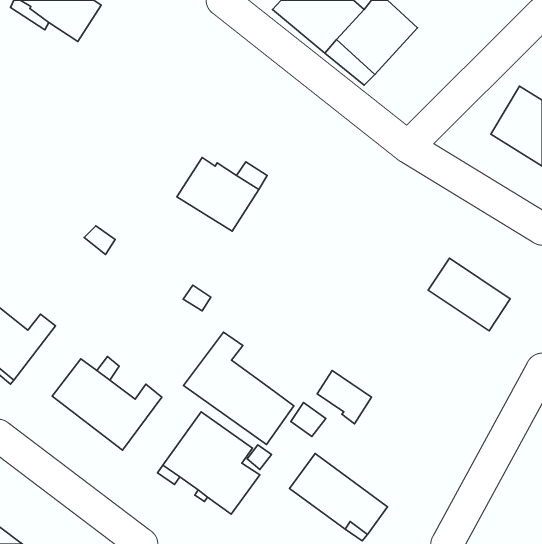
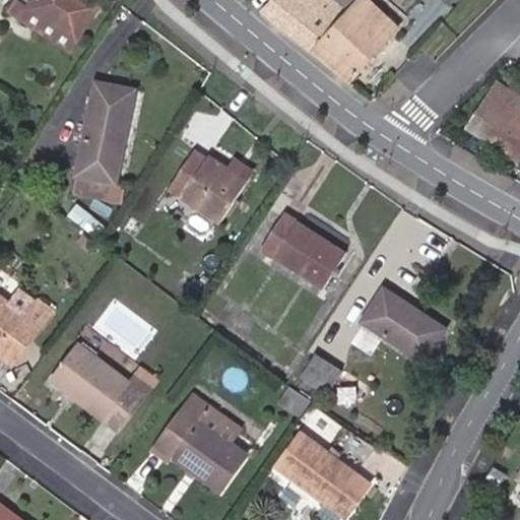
building: none -> [73,81,133,199]
building: none -> [261,212,345,288]
building: [428,258,510,331] -> [365,289,443,359]
building: [184,332,294,444] -> none

